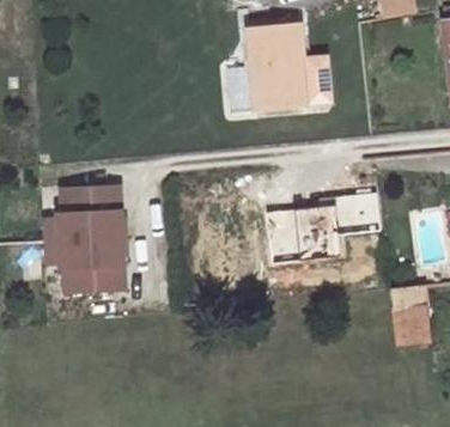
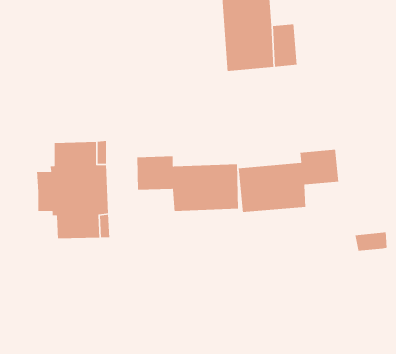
building: none -> [136,156,239,212]
building: [393,303,431,347] -> none

